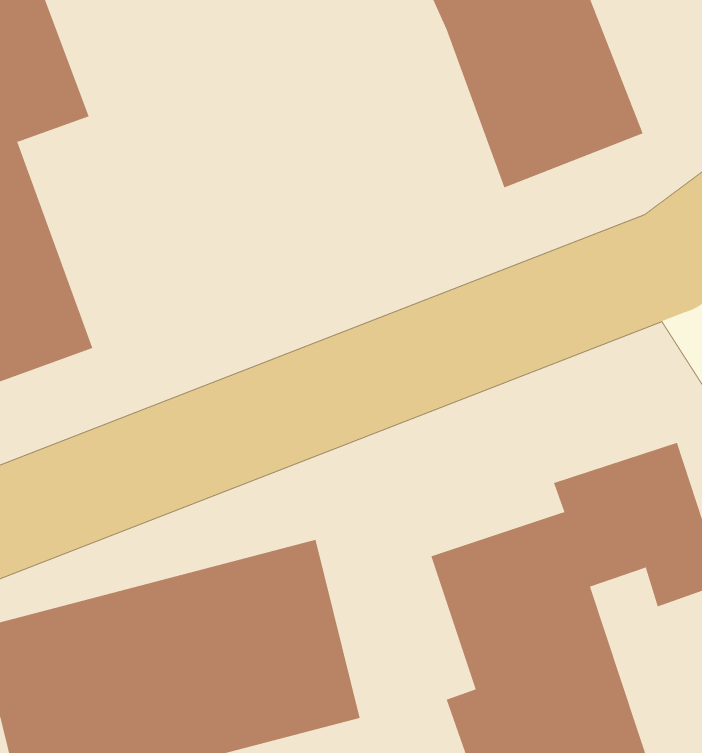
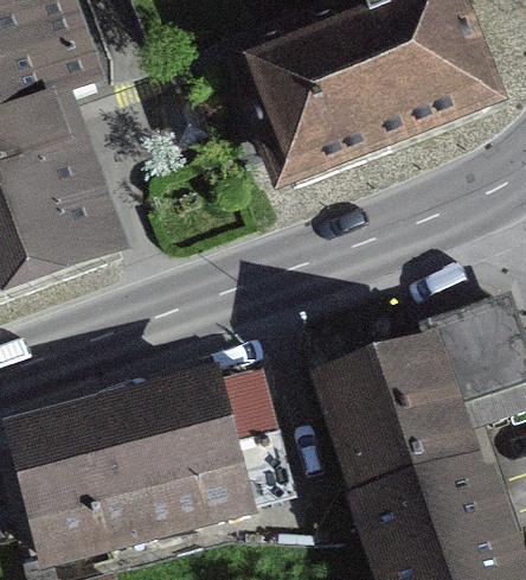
building: none -> [245,21,385,168]

